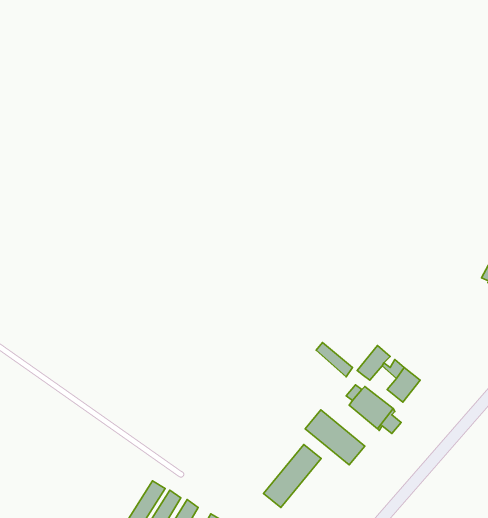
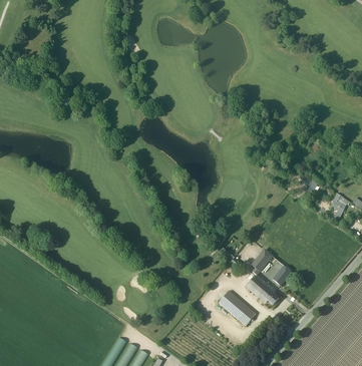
building: [264,445,321,508] -> none

